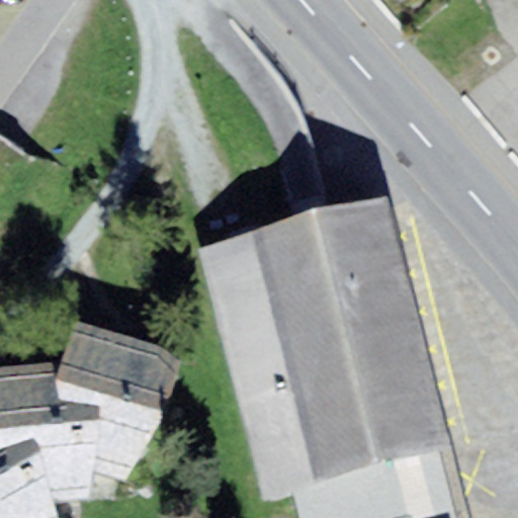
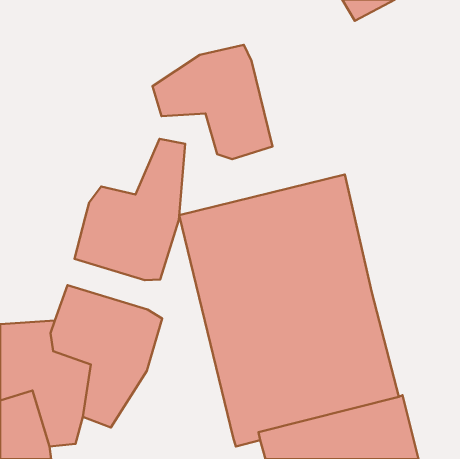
building: none -> [152,45,272,159]
building: none -> [74,139,185,280]

